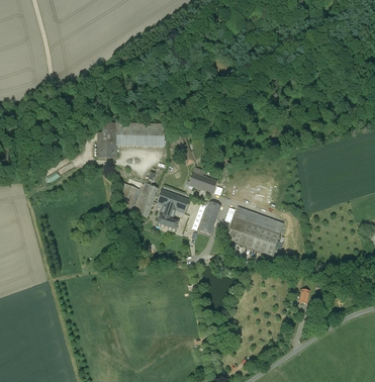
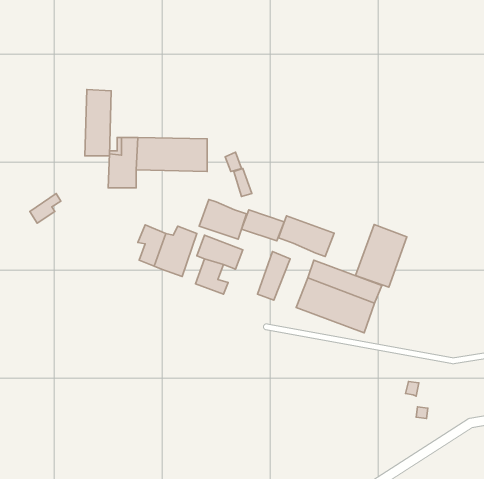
building: none -> [85,89,111,156]
building: none -> [199,199,246,239]
building: none -> [278,216,334,257]
building: none -> [355,224,407,287]

